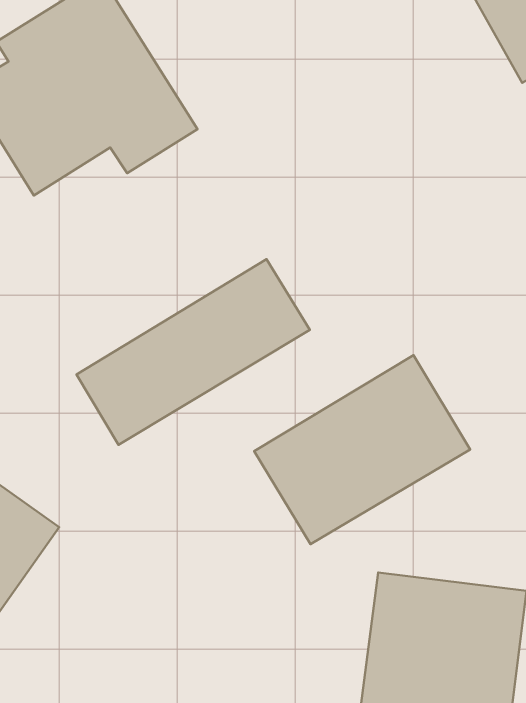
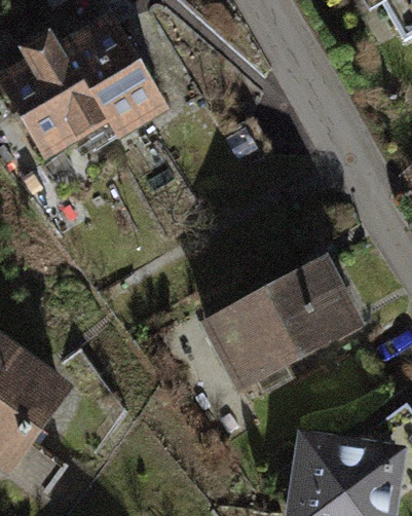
building: [77,259,310,445] -> none

